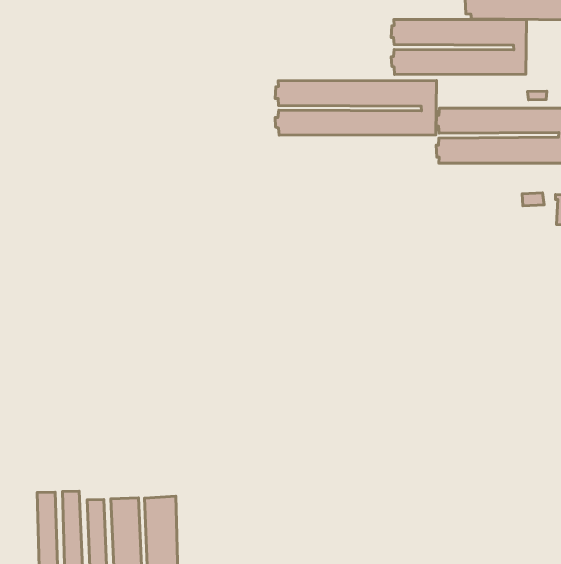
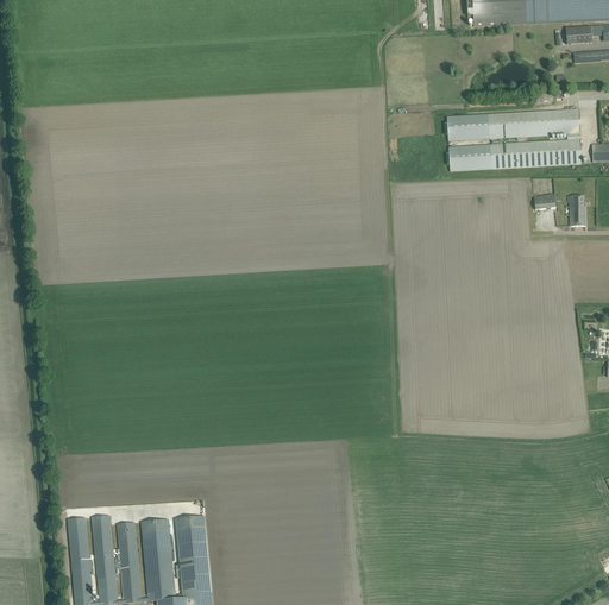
building: [391,19,526,74] -> none
building: [275,80,437,135] -> none

